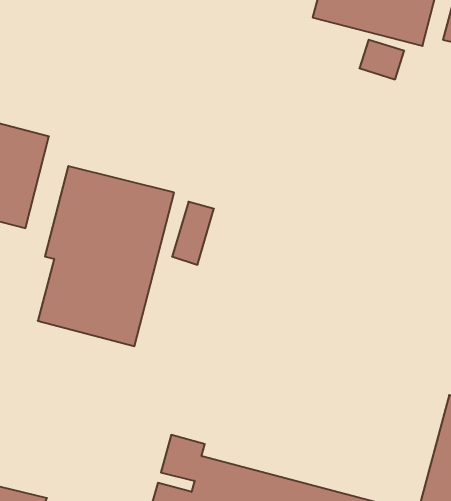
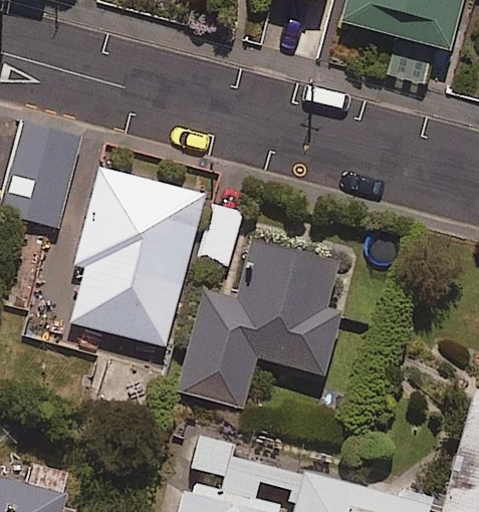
building: none -> [178,237,341,407]

